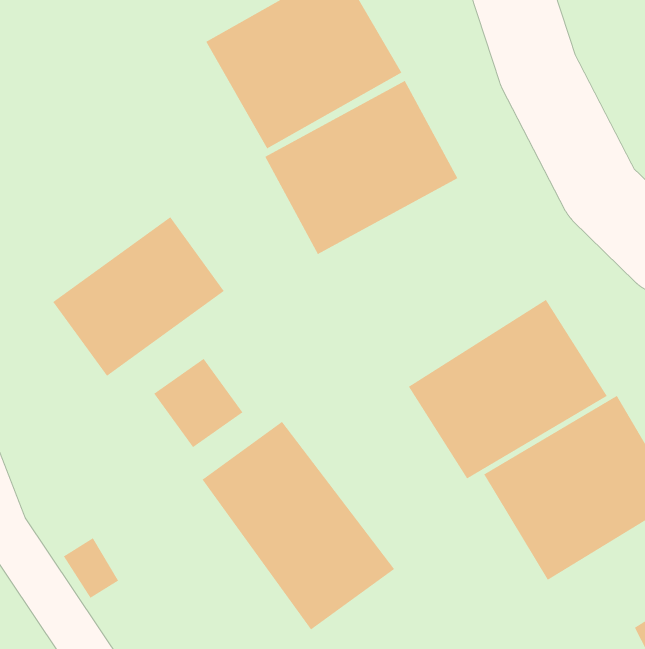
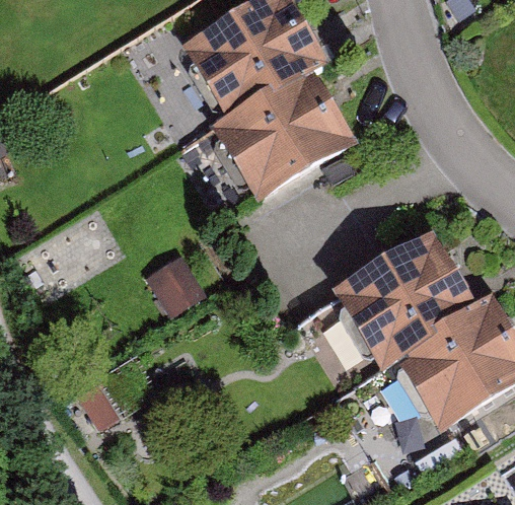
building: [52,216,225,377] -> none
building: [201,421,395,630] -> none

